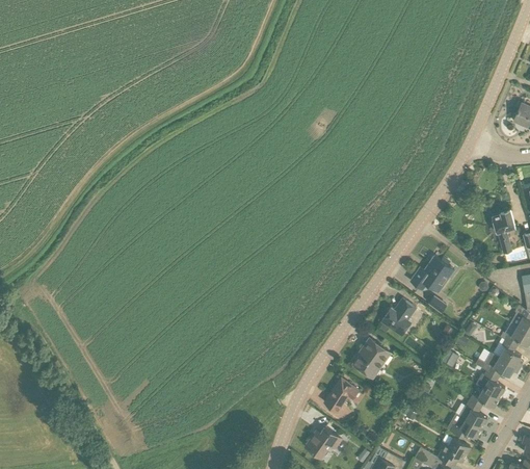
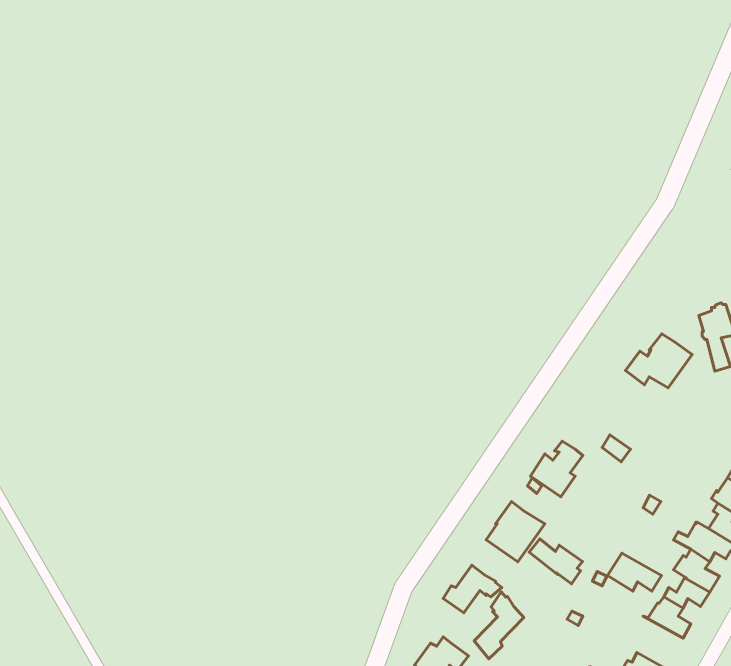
building: [412,257,455,292] -> [625,334,692,388]
building: none -> [529,539,583,584]
building: none -> [474,592,524,659]
building: [447,414,482,439] -> [607,553,661,591]

